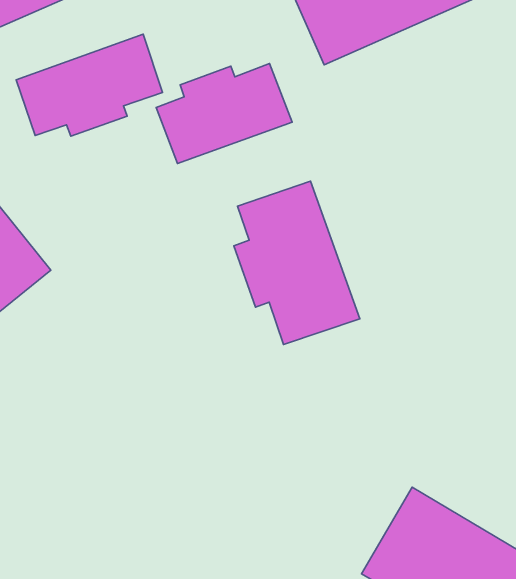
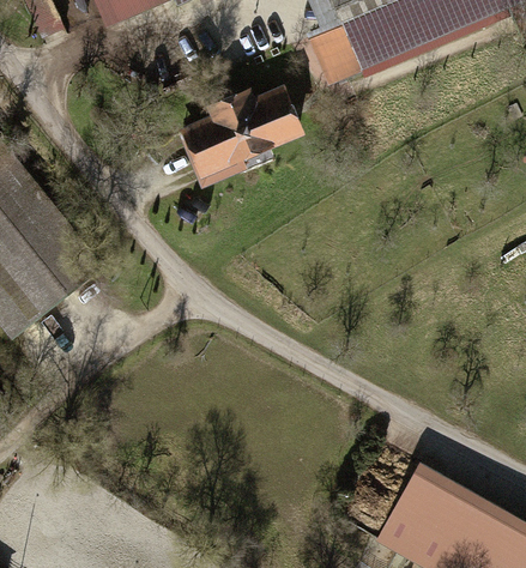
building: [16,34,163,136] -> none
building: [234,181,360,344] -> none

